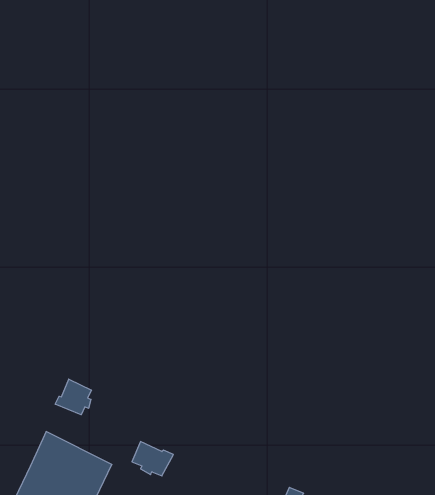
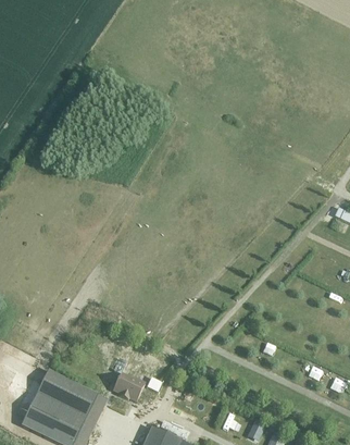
building: [55,379,91,415] -> none

